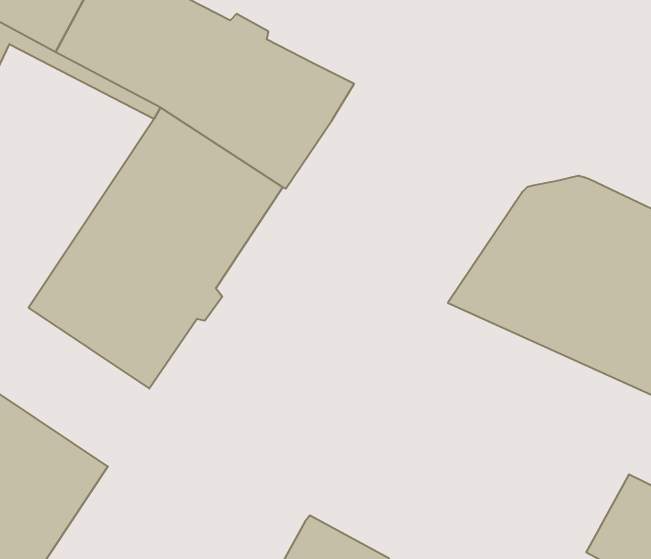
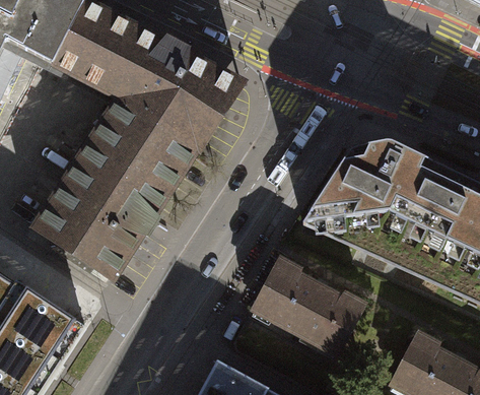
building: none -> [252,257,364,353]

